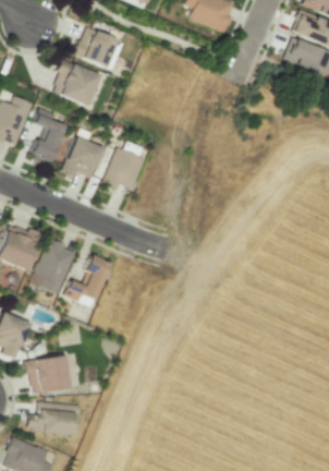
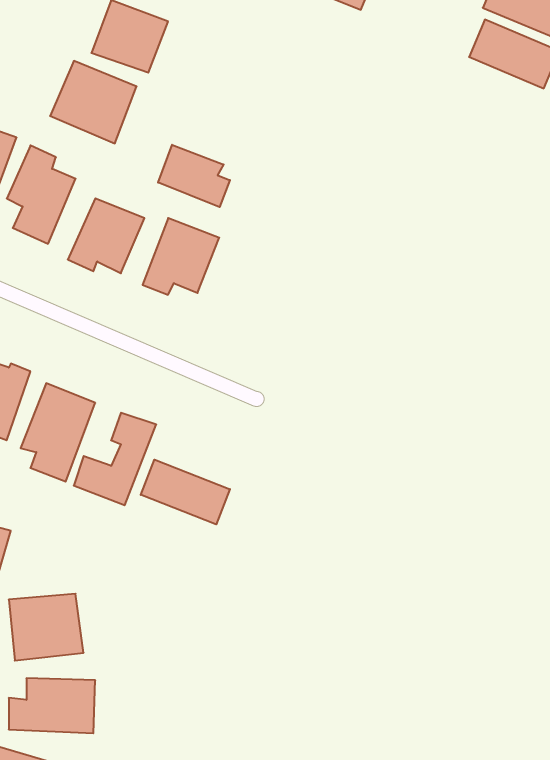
building: none -> [158,145,230,207]
building: none -> [141,460,230,524]

